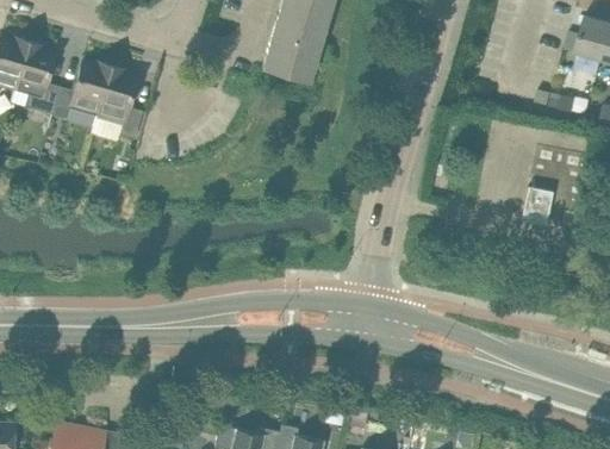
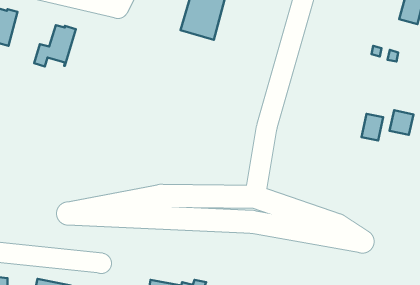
building: [15,42,61,116] -> none
building: [97,67,143,139] -> none
building: none -> [390,110,414,135]

